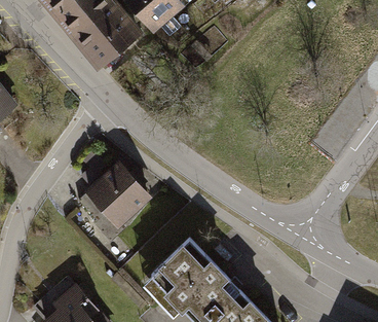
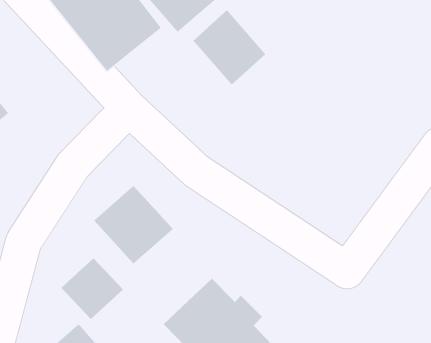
building: none -> [193,9,266,86]
building: none -> [61,258,124,320]

